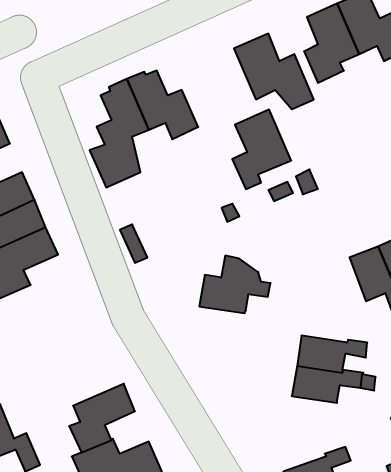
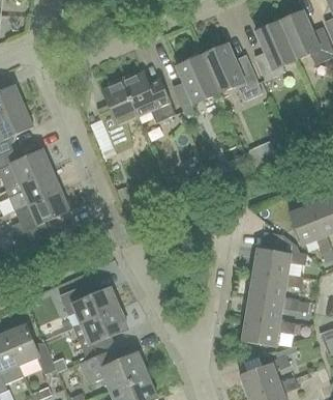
building: [232,110,291,189] -> [174,54,218,114]
building: [199,256,271,313] -> [252,232,306,276]
building: none -> [59,284,119,323]
building: none -> [241,316,295,345]

